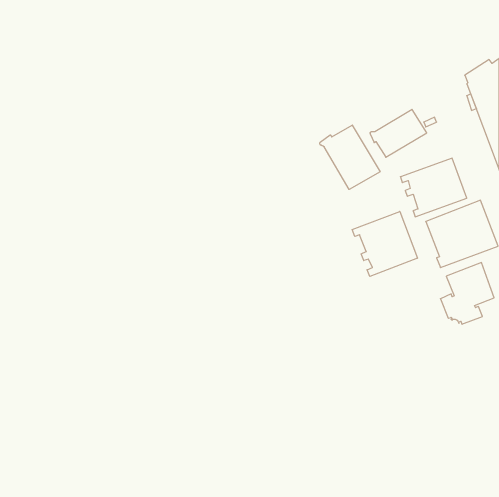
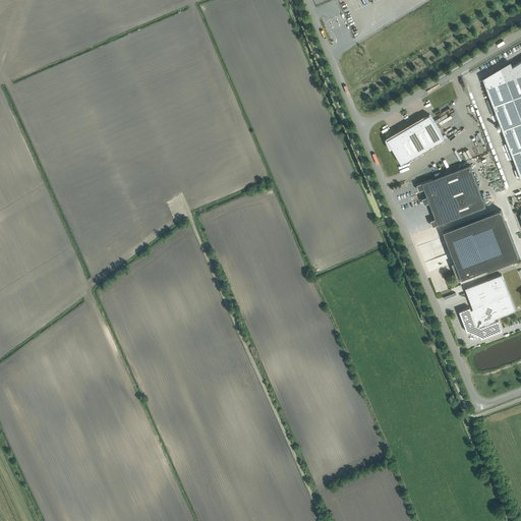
building: [320,125,380,189] -> none
building: [352,211,417,276] -> none

